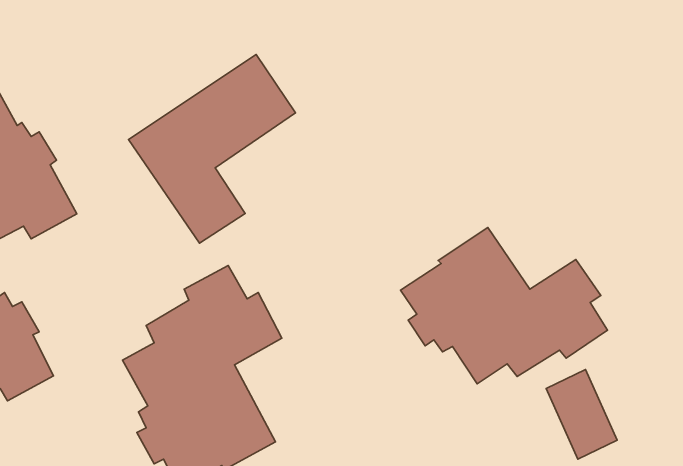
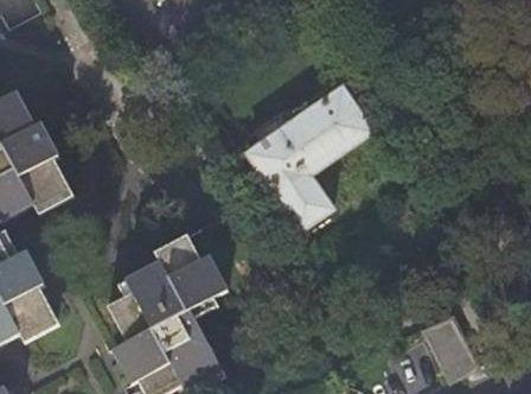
building: [129,54,296,243] -> [244,85,370,228]
building: [400,227,608,384] -> none

